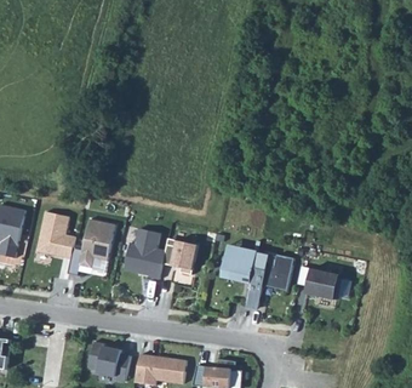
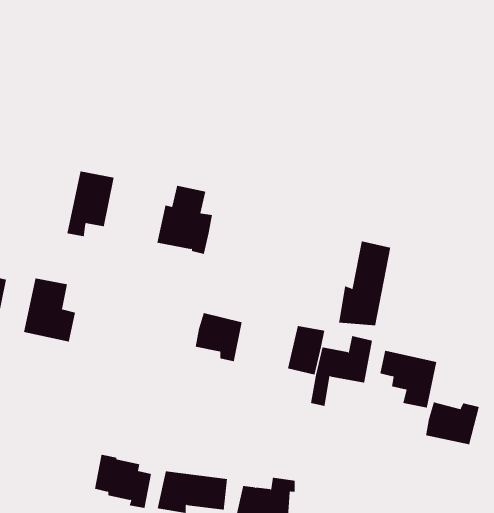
building: none -> [338,240,391,326]
building: [78,222,113,270] -> [66,171,114,237]
building: [122,227,164,278] -> [157,185,213,254]
building: none -> [426,402,479,445]

